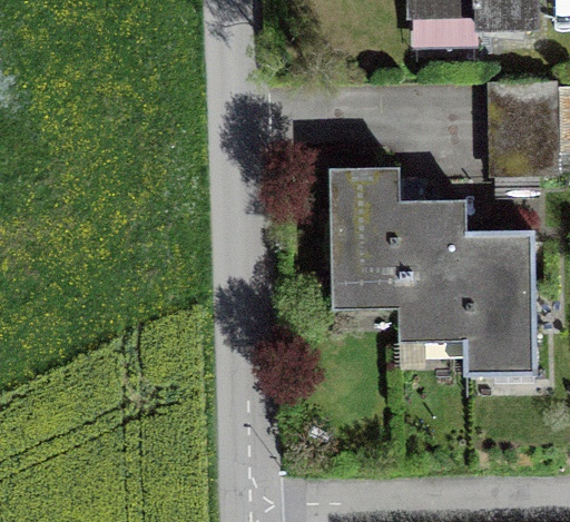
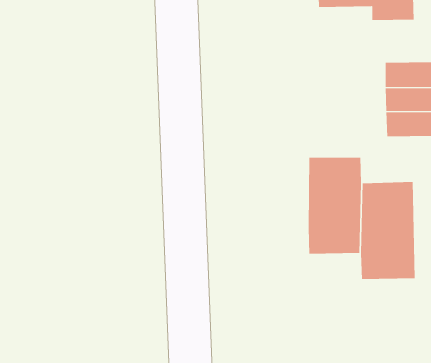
building: [330,170,399,295] -> none

